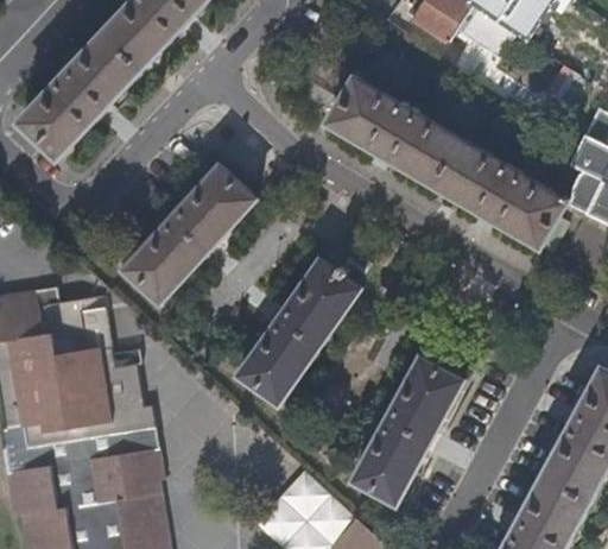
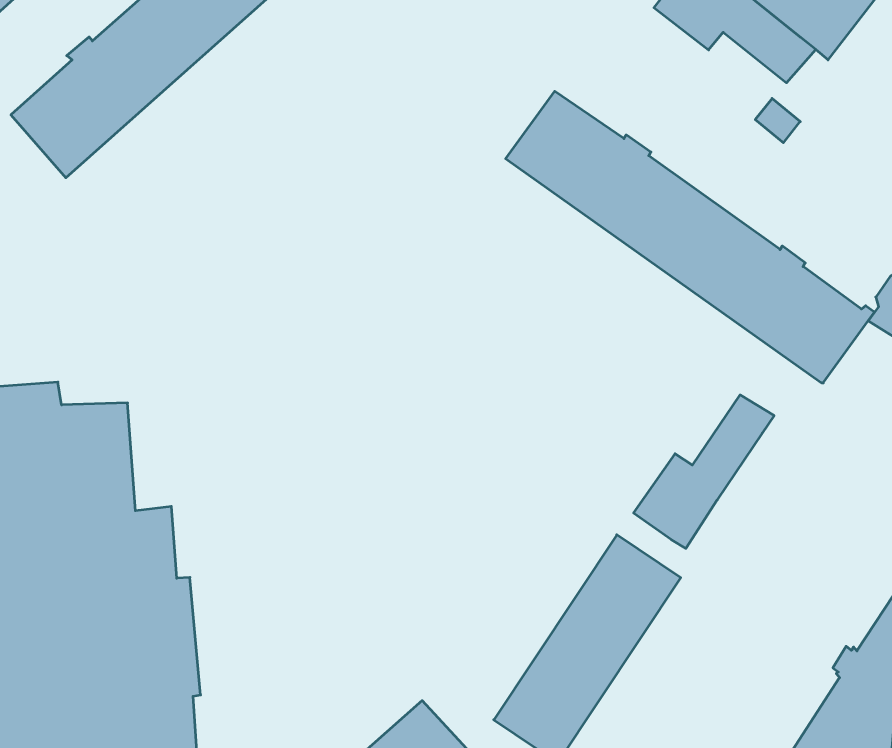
building: [121,166,253,304] -> none
building: [238,257,360,399] -> none
building: none -> [634,395,774,548]

